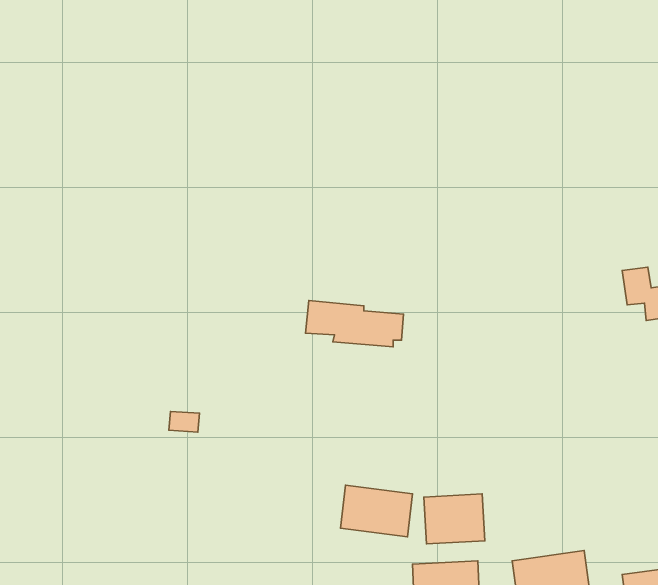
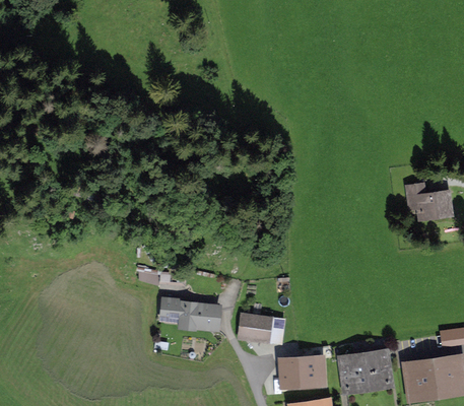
building: [305,301,403,347] -> [162,299,220,327]
building: [424,494,485,544] -> none

